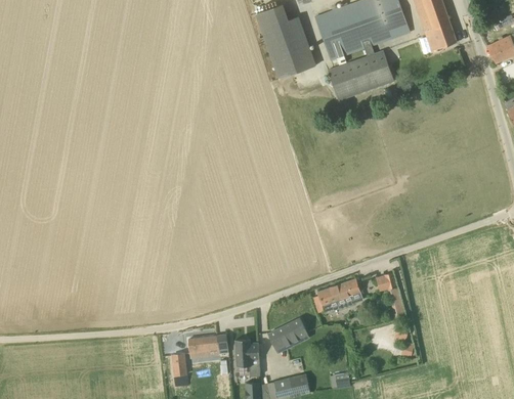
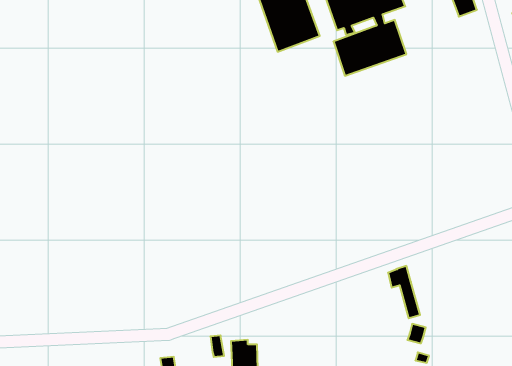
building: [316,278,359,310] -> none
building: [268,318,304,347] -> none
building: [187,336,218,354] -> none

